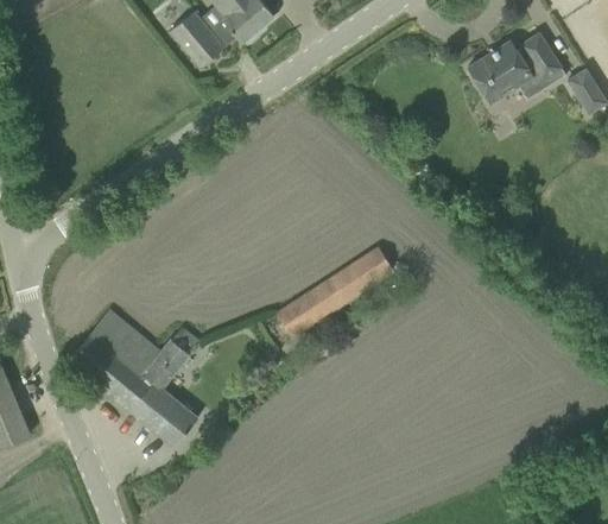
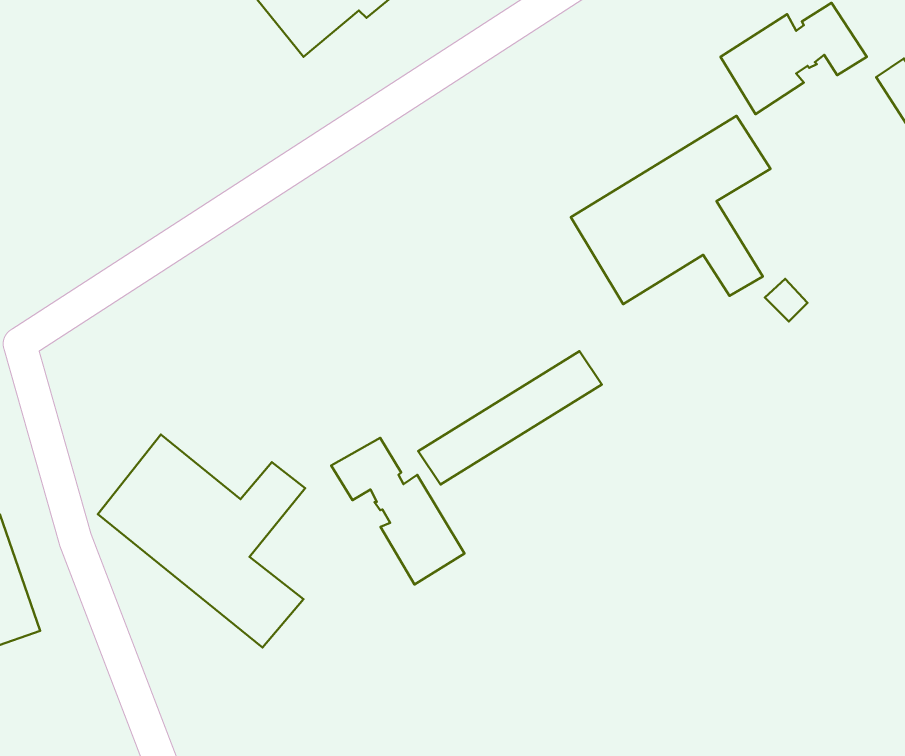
building: none -> [571,116,770,304]
building: none -> [331,438,465,585]

